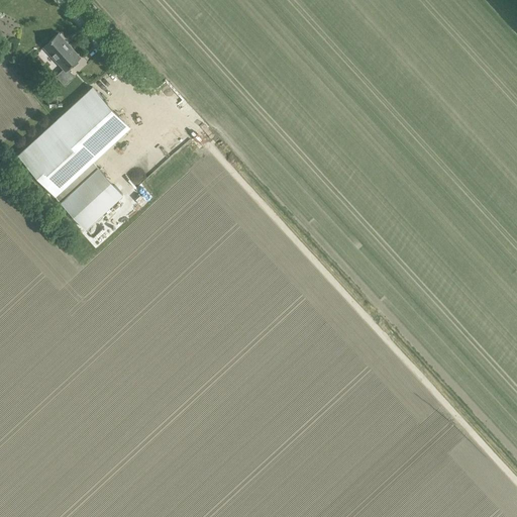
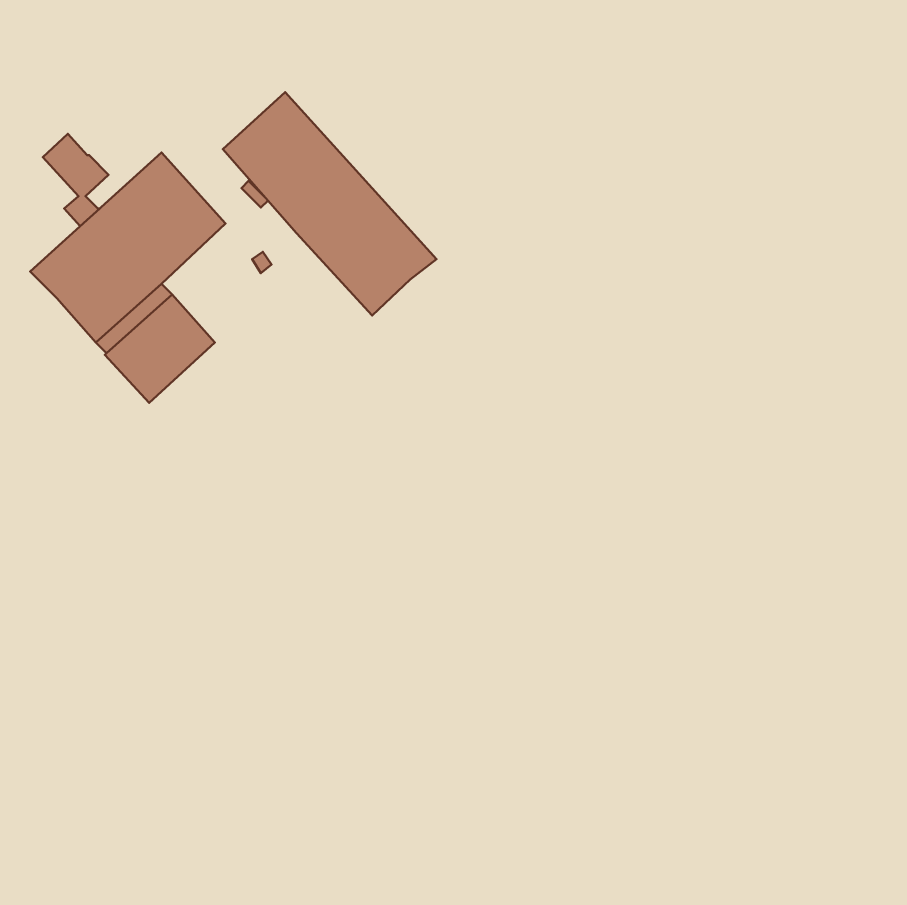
building: [42,34,80,87] -> [43,134,109,226]
building: none -> [223,92,436,316]

